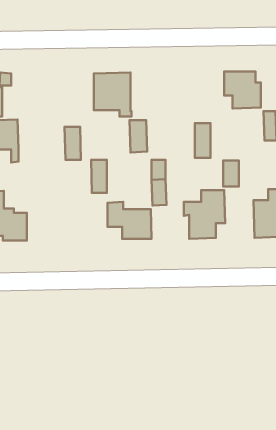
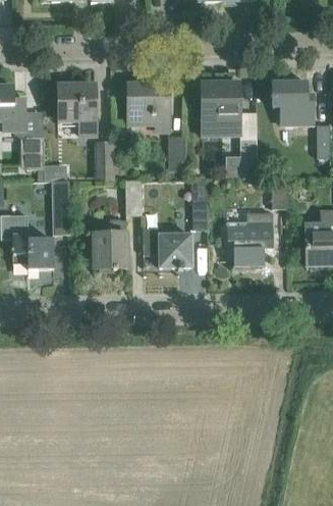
building: none -> [201,82,240,135]
building: none -> [58,84,96,136]
building: none -> [51,181,69,234]
building: none -> [94,219,126,267]

